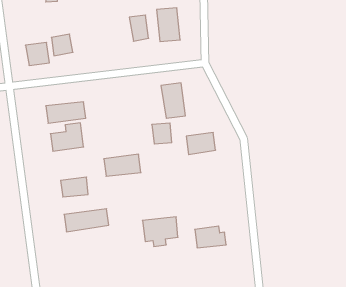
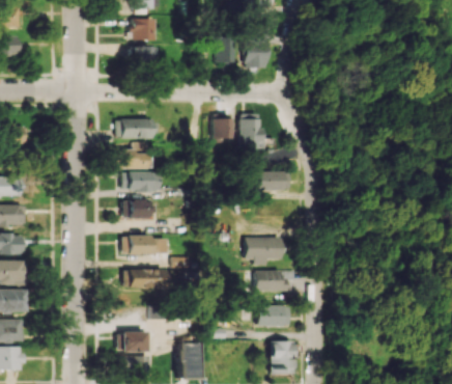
building: [25,42,49,65] -> [132,19,154,40]
building: [152,123,172,144] -> [215,118,234,140]
building: [104,154,141,176] -> [122,172,160,192]
building: [142,217,178,246] -> [247,237,283,266]
building: none -> [128,269,164,290]
building: none -> [259,306,290,326]

